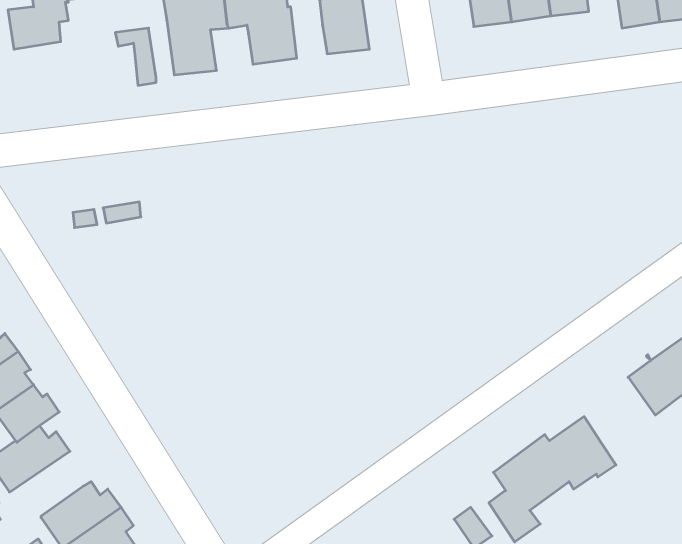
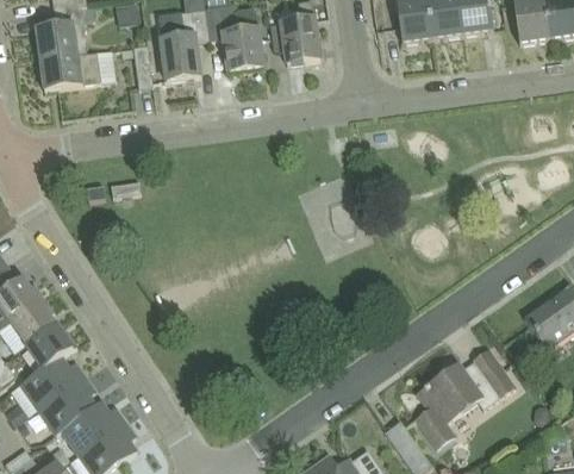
building: none -> [39,51,100,89]
building: none -> [36,376,94,434]

